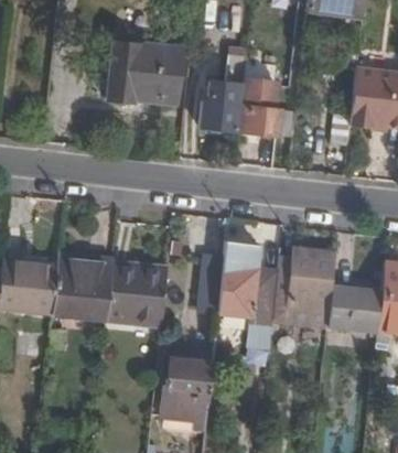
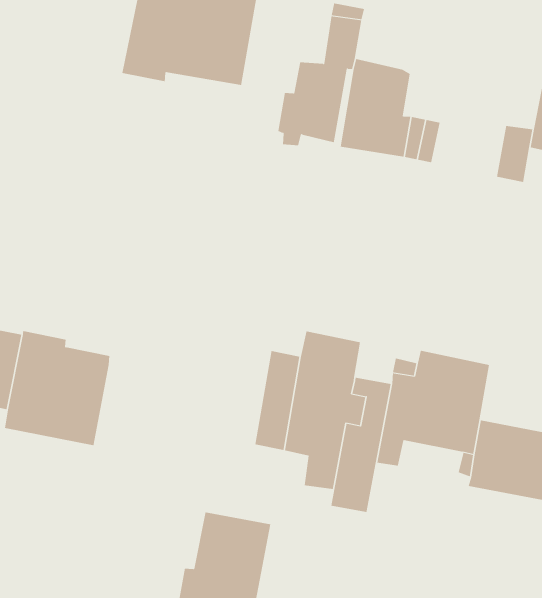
building: [106,267,168,327] -> none

